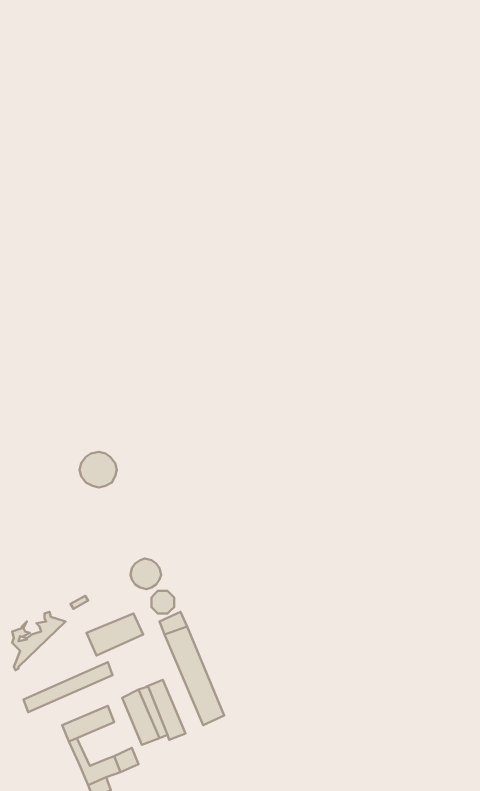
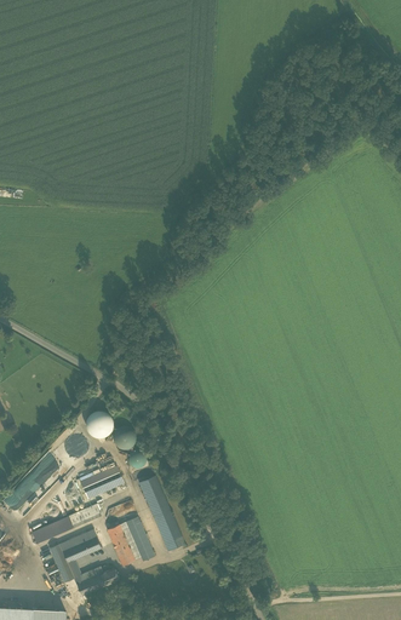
building: [79,452,117,487] -> [85,409,113,436]
building: none -> [48,528,96,581]

